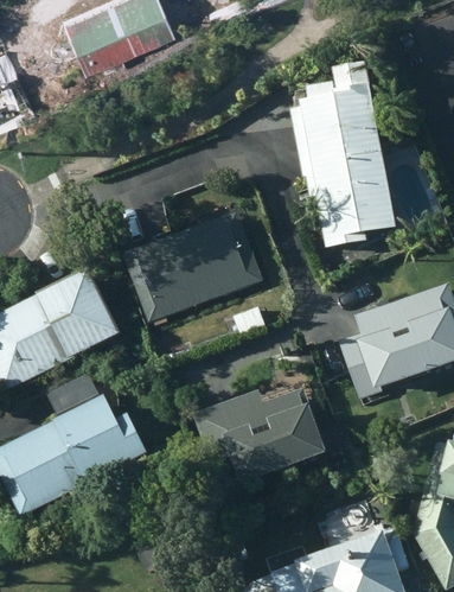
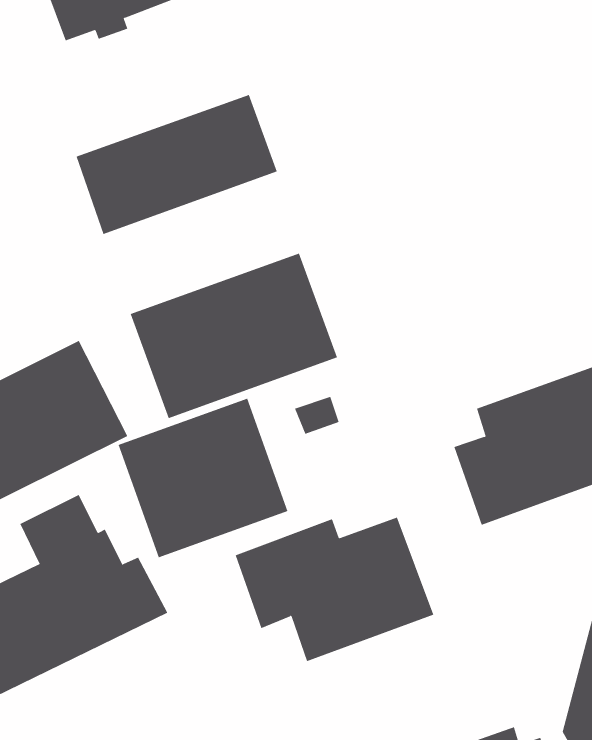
building: [292,64,396,249] -> none
building: none -> [76,94,278,235]
building: none -> [118,398,288,558]

